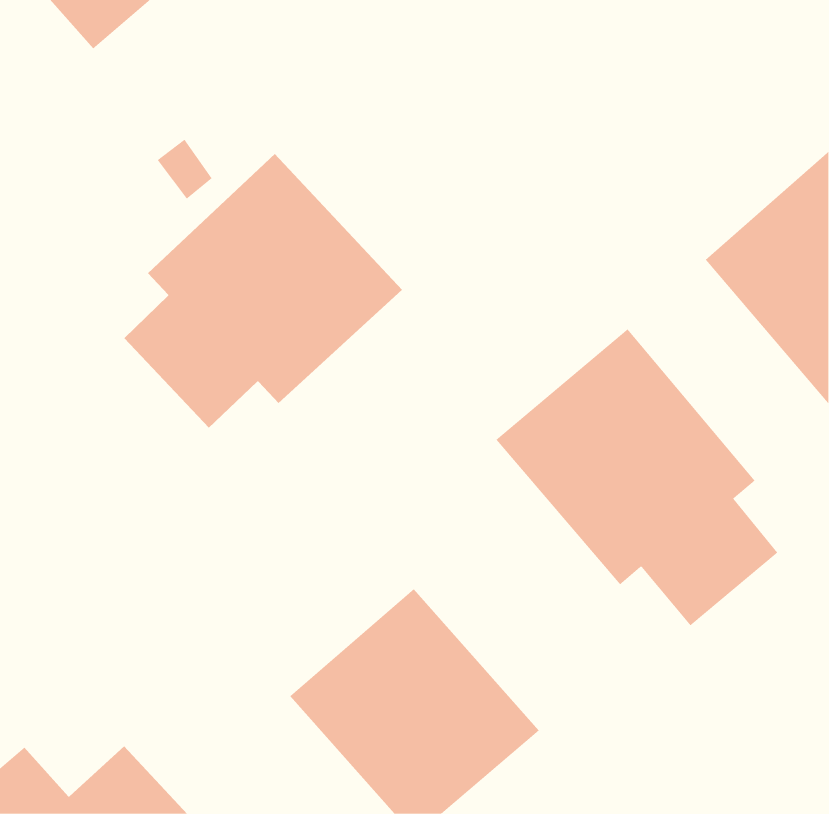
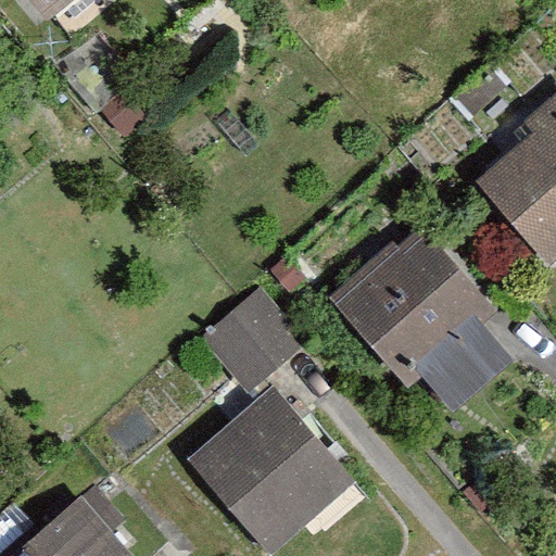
building: [123,153,403,428] -> none
building: none -> [199,285,308,394]

